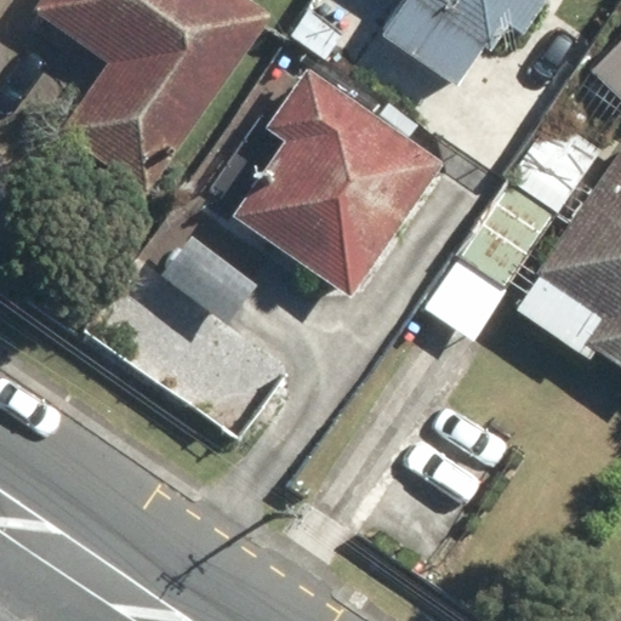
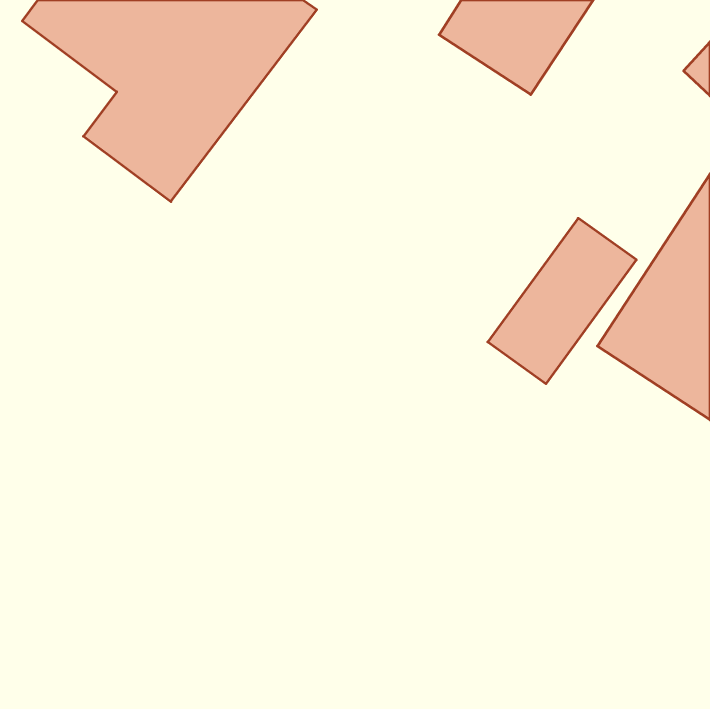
building: [241,58,448,285] -> none

